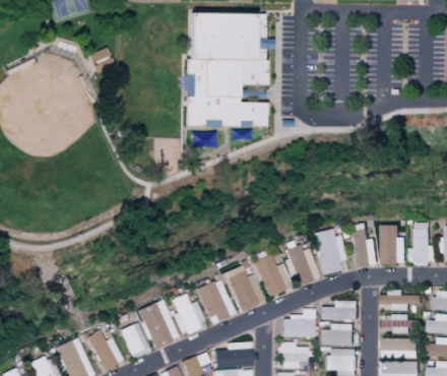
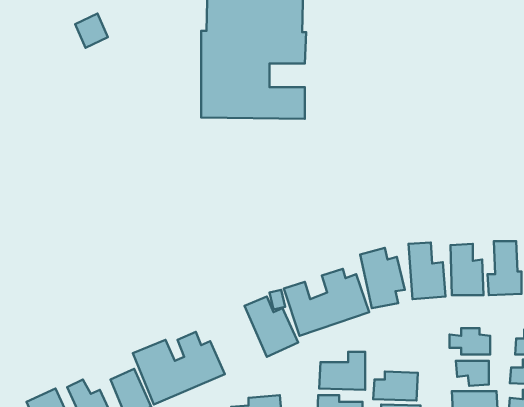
building: [196,278,235,323] -> none
building: [321,301,361,320] -> none

